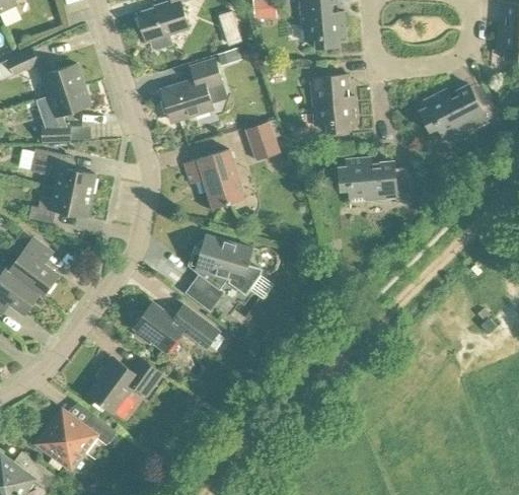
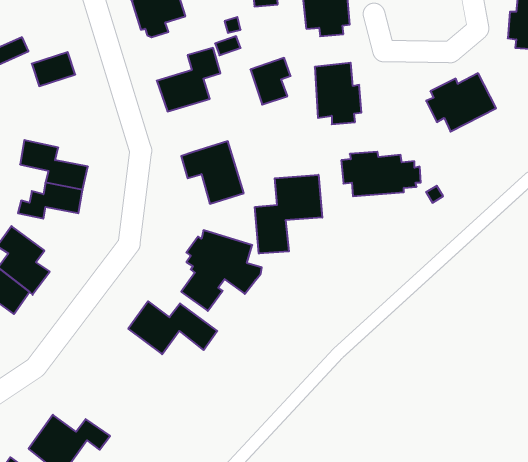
building: [35,85,90,142] -> none
building: [244,118,283,162] -> [250,58,291,105]
building: none -> [255,175,322,254]
building: [87,357,163,414] -> none

